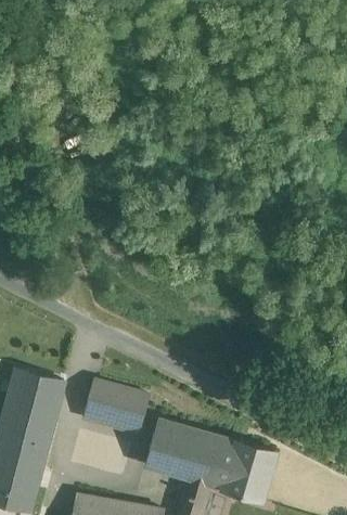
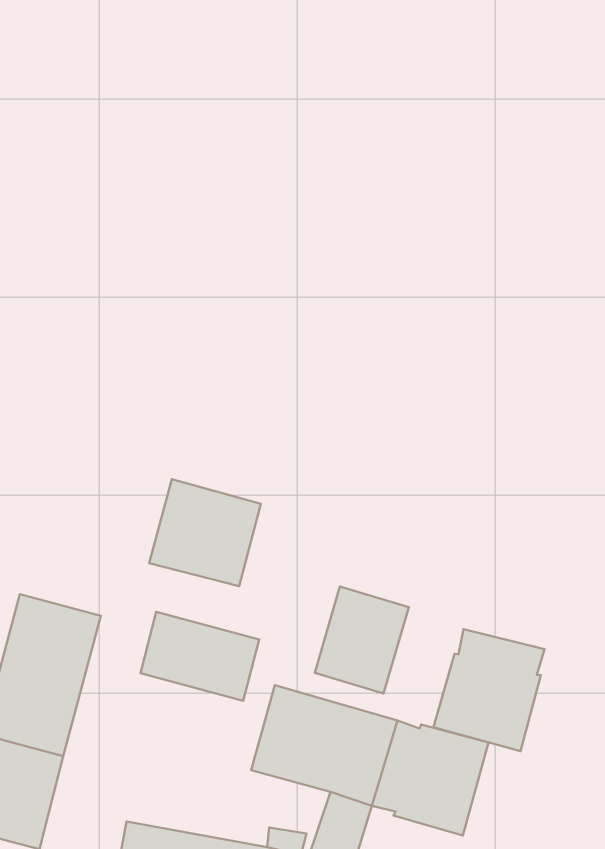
building: none -> [149,479,261,586]
building: none -> [315,586,409,694]
building: none -> [433,629,544,751]

